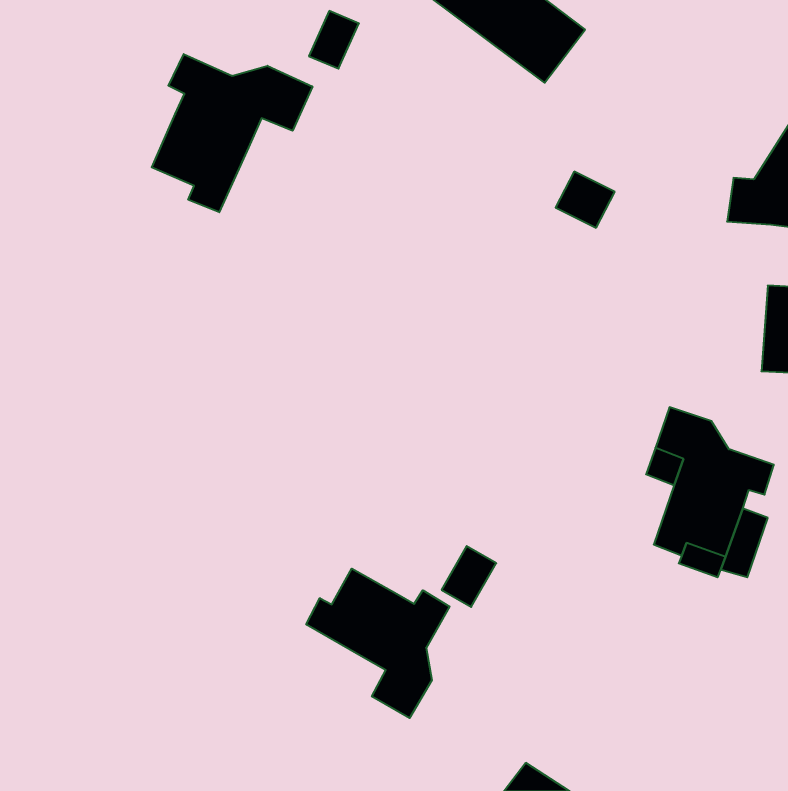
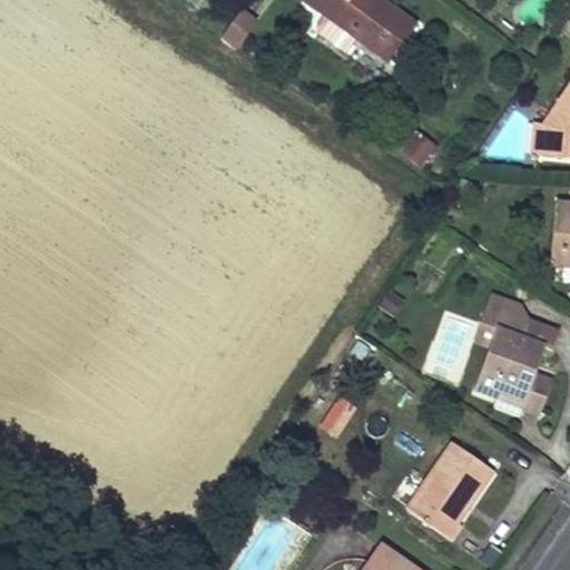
building: [152,54,312,212] -> none
building: [306,569,450,718] -> none
building: none -> [404,442,492,543]

